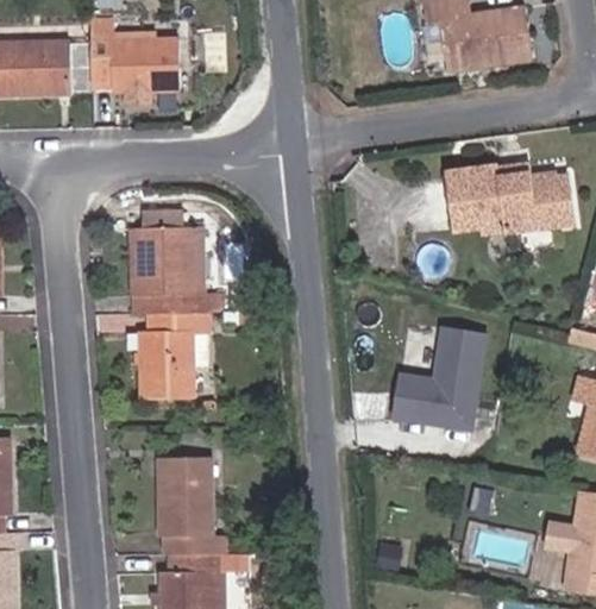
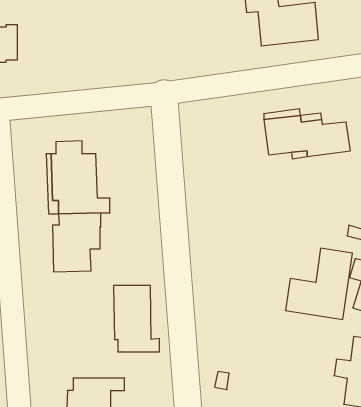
building: [93,19,178,103] -> none
building: [390,326,488,429] -> [285,248,352,319]
building: [158,457,225,553] -> [114,285,159,352]

